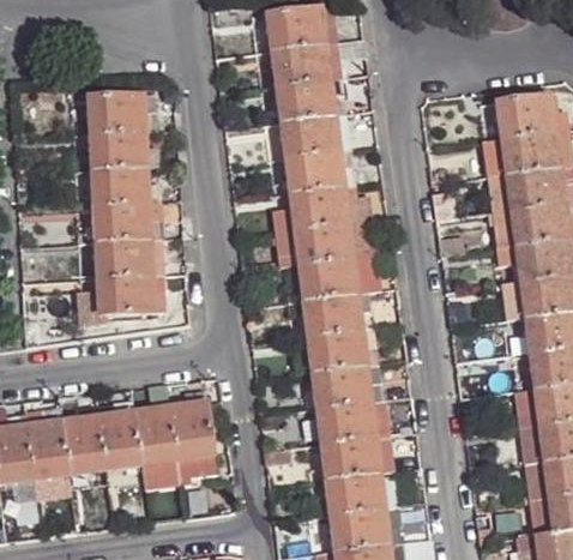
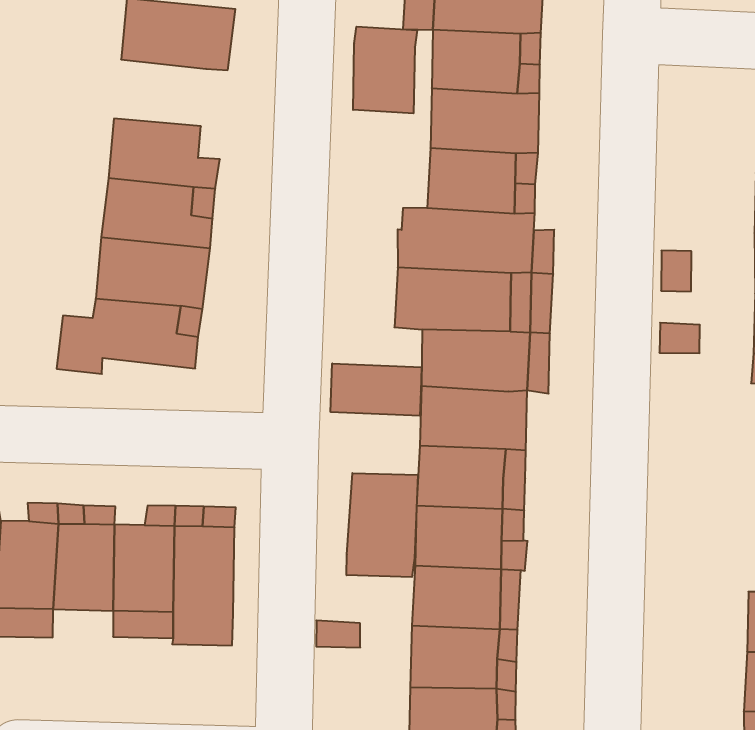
building: none -> [353,27,417,113]
building: [92,136,159,174] -> none
building: none -> [331,363,422,416]
building: none -> [347,473,418,577]

